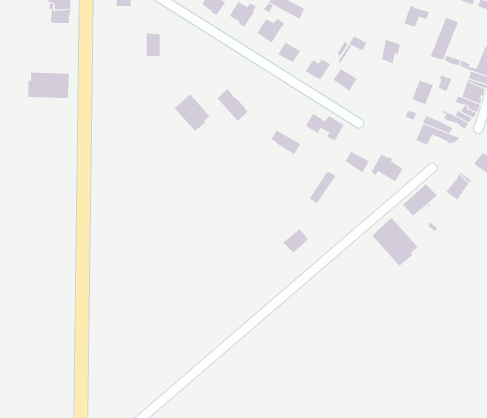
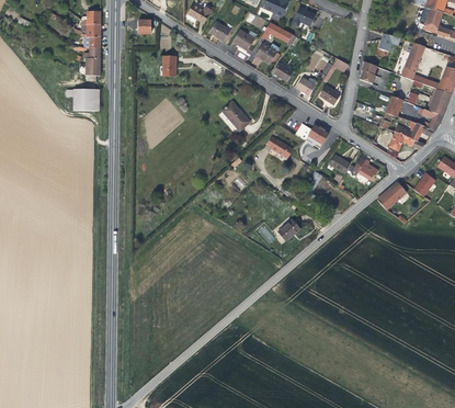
building: none -> [83,48,100,81]
building: [174,93,211,132] -> none
building: [372,217,419,267] -> none

